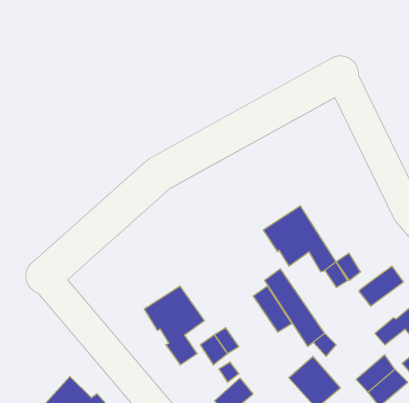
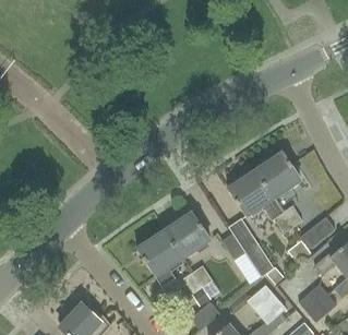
building: none -> [256,152,301,198]
building: none -> [165,213,209,258]

